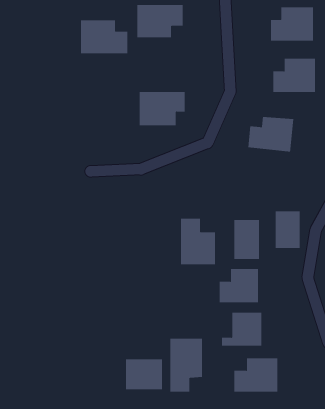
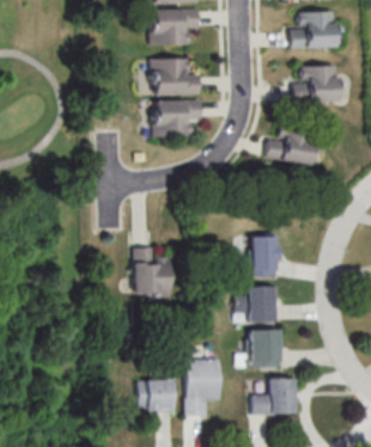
building: [80,20,128,54] -> [151,59,201,94]
building: [275,210,300,249] -> none
building: [180,218,216,265] -> [134,247,171,296]

